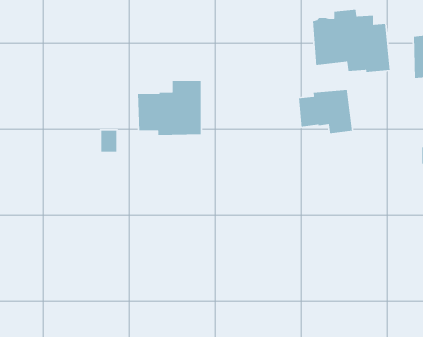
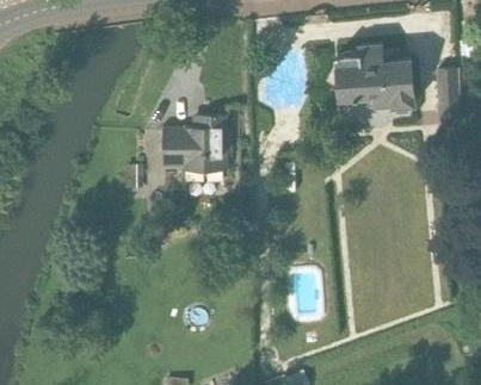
building: [298,89,353,134] -> none

